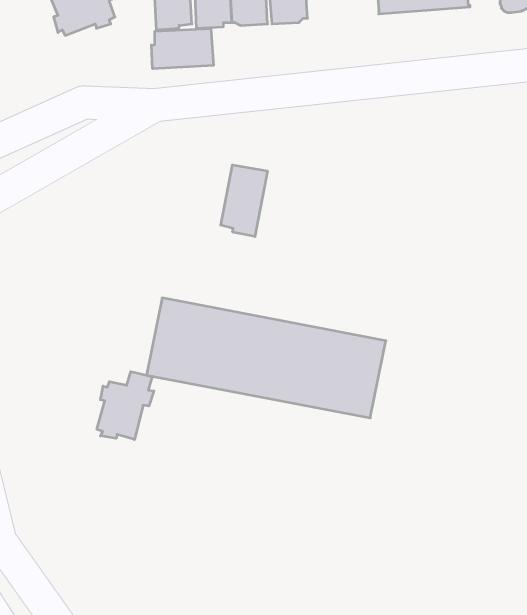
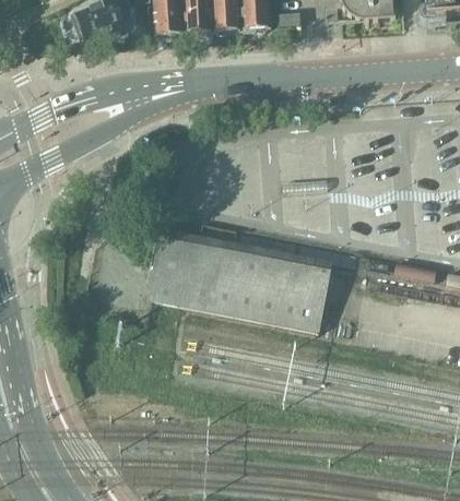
building: [151,28,213,69] -> none
building: [221,165,267,237] -> none
building: [97,372,154,440] -> none

